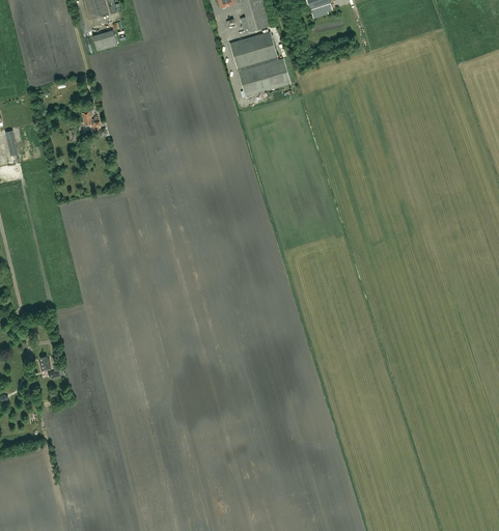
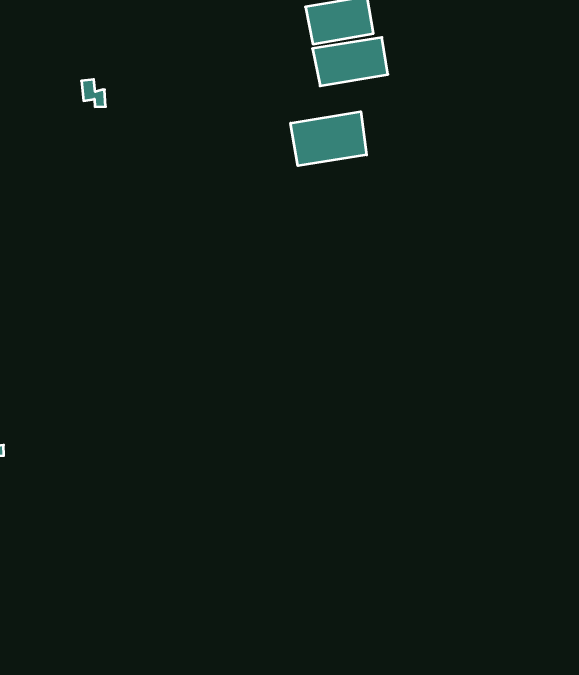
building: none -> [291,112,367,166]

